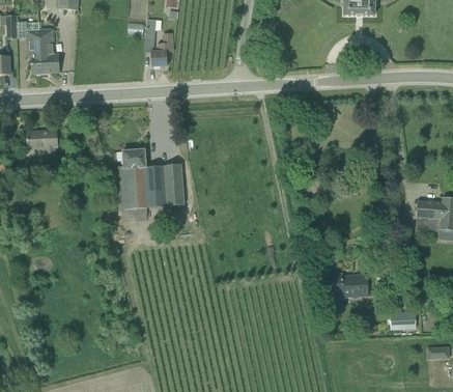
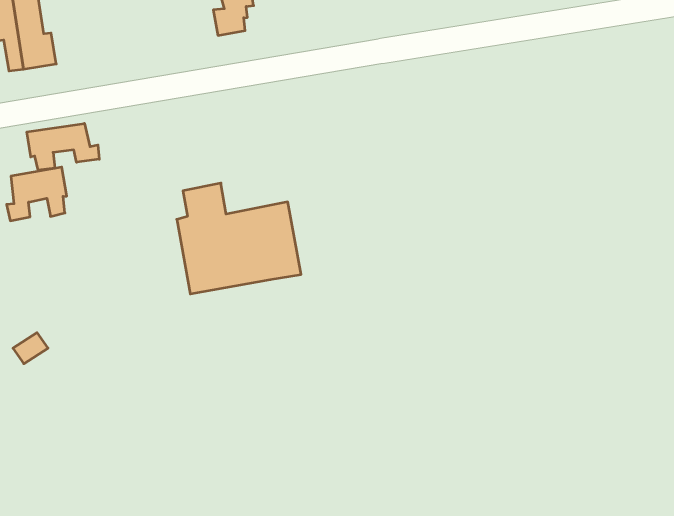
building: none -> [27,123,99,170]
building: [332,273,368,296] -> none

